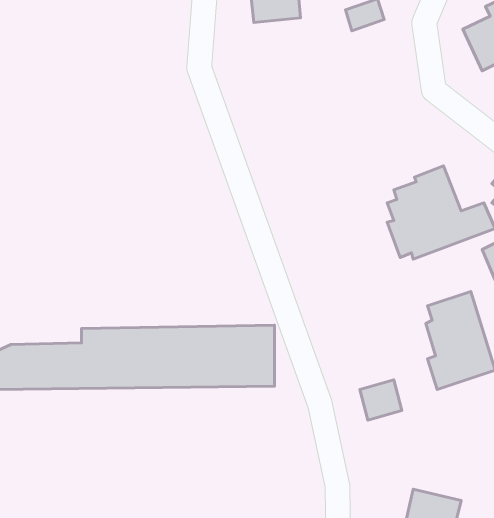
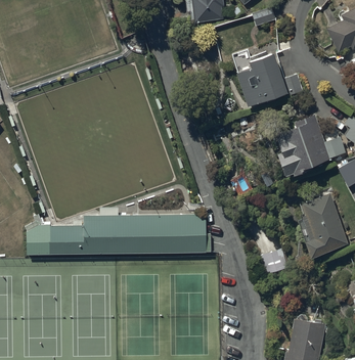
building: none -> [229,42,304,105]

